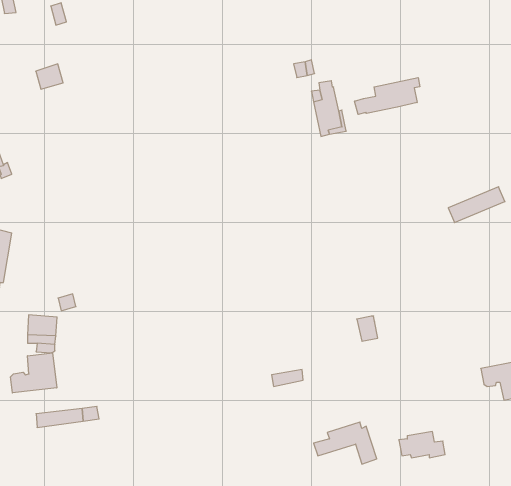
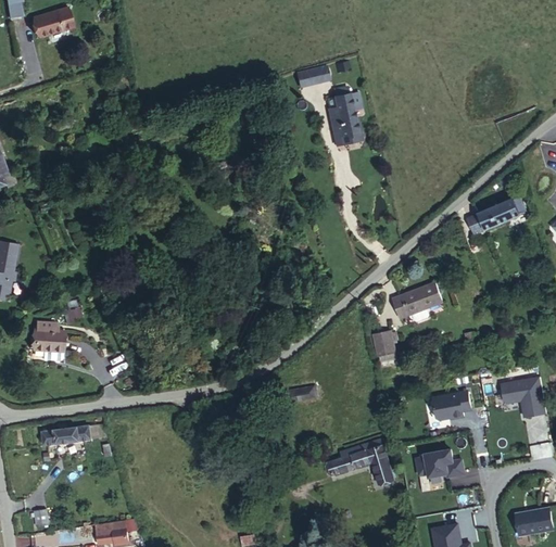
building: [36,64,63,89] -> [34,10,62,36]
building: [355,78,420,114] -> none
building: none -> [392,282,442,317]
building: [11,353,57,393] -> none
building: none -> [433,392,471,420]

